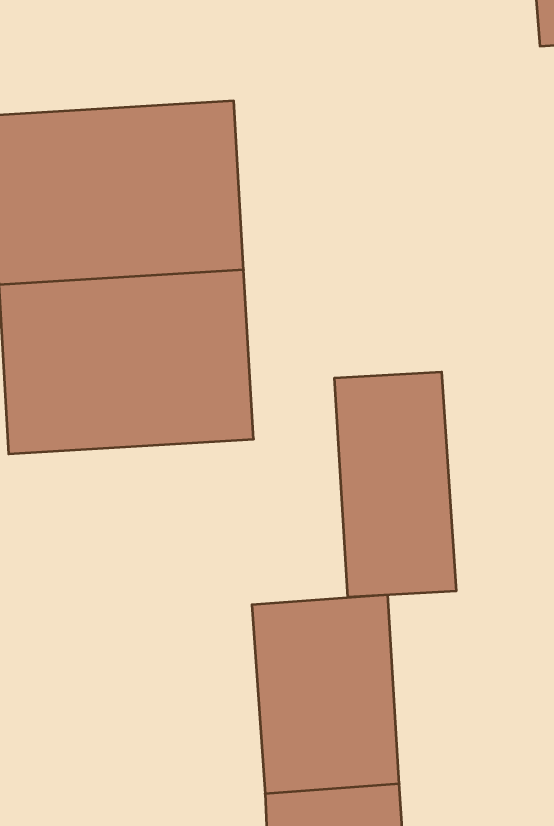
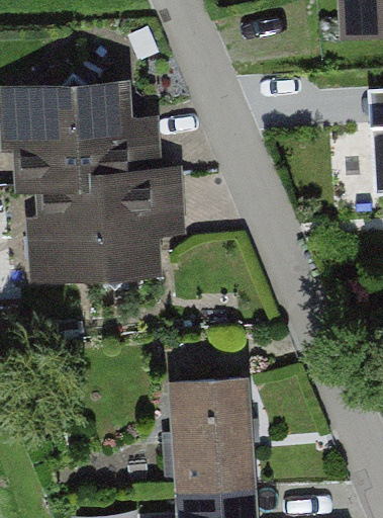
building: [335,372,456,597] -> none

